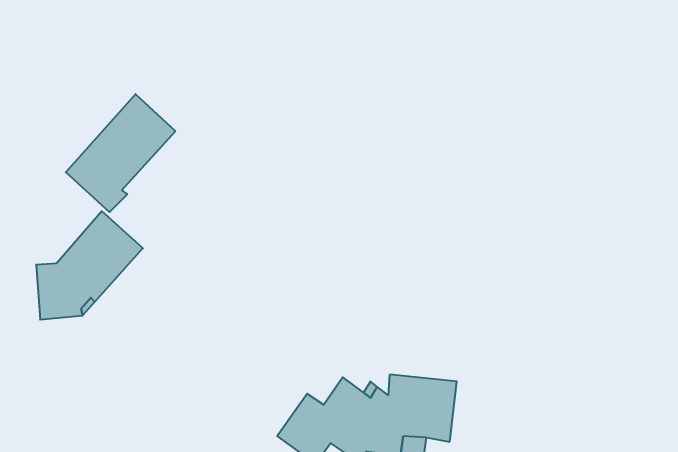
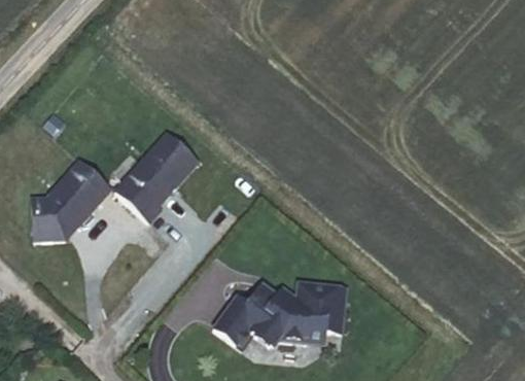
building: [66,94,175,212] -> [115,133,198,221]

